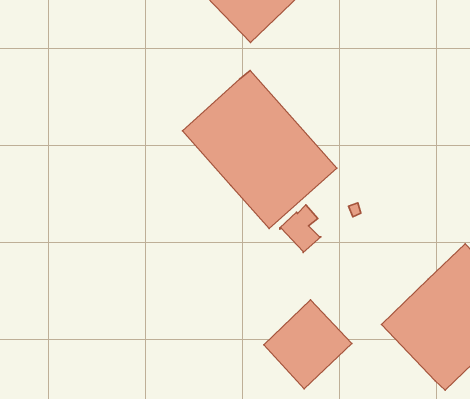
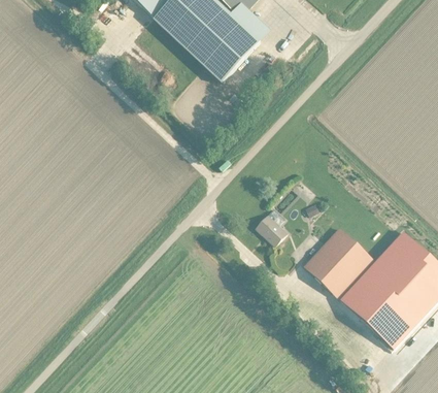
building: [182,70,337,228] -> none
building: [264,300,352,389] -> [304,227,374,298]

